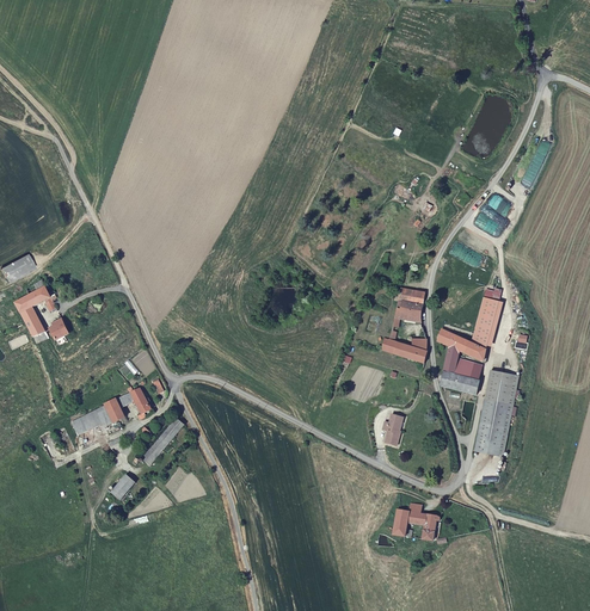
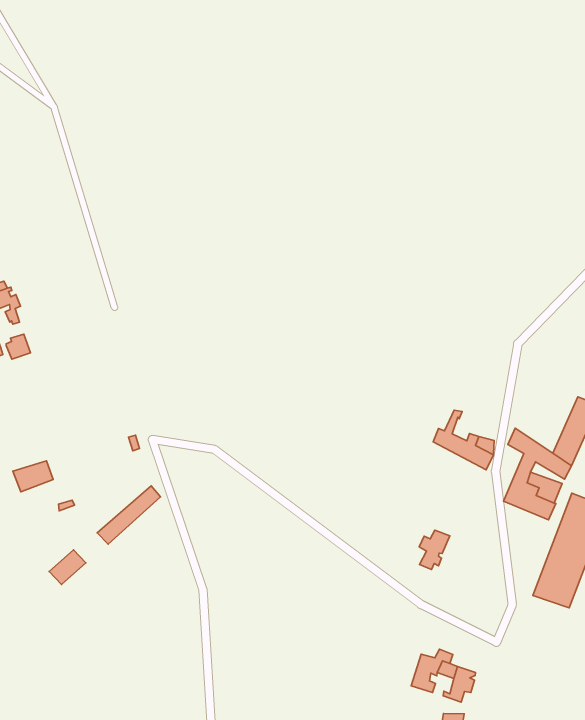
building: [393,286,425,322] -> none
building: [94,387,152,427] -> none

